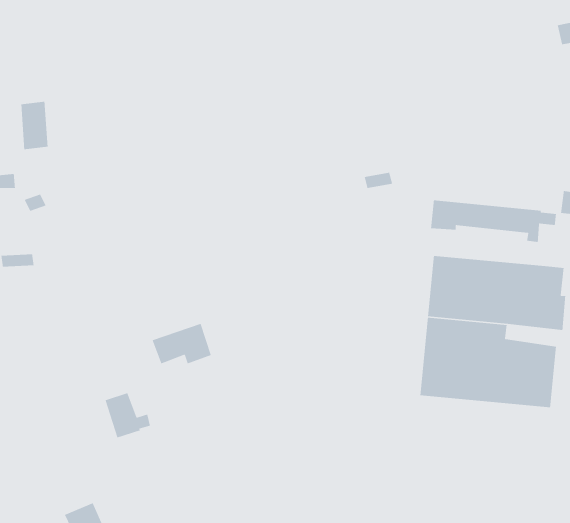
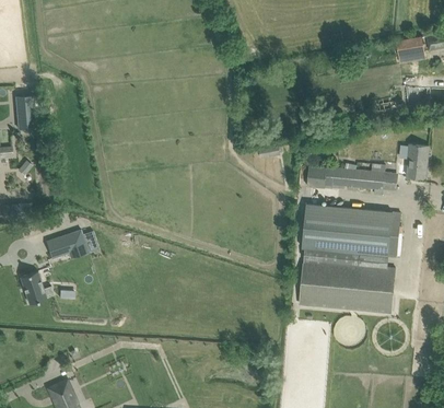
building: [152,323,212,365] -> [46,230,89,259]
building: [105,392,151,438] -> [21,271,54,304]

